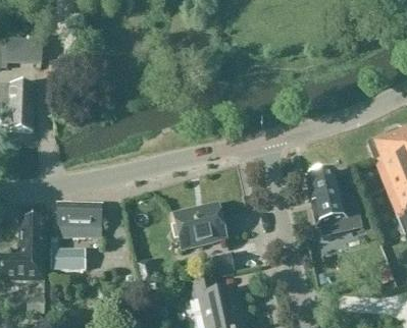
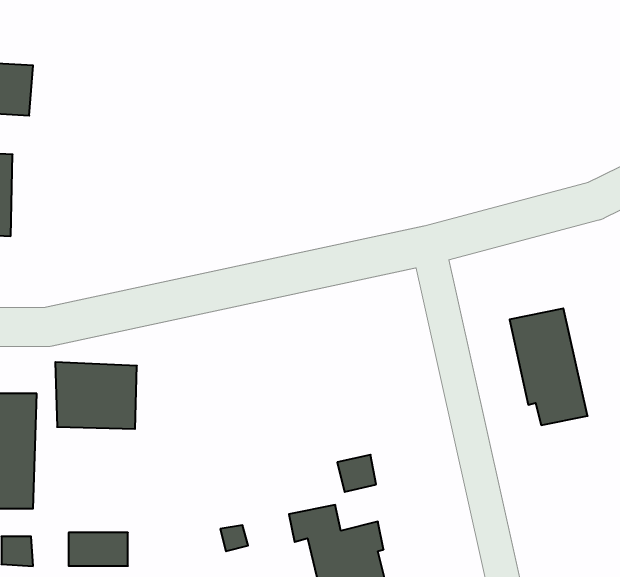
building: [176,206,223,247] -> none
building: [52,249,85,267] -> [69,533,128,566]

